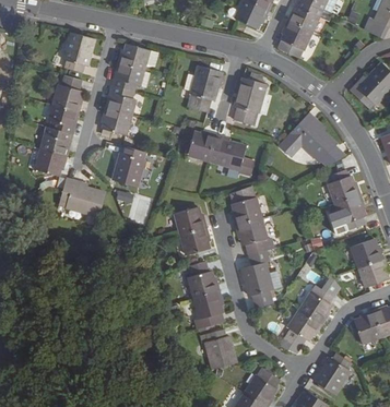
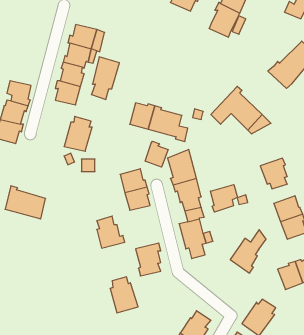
building: [62,33,94,73] -> none
building: [188,65,220,113] -> [91,57,119,99]
building: [51,74,82,113] -> none
building: [233,77,264,125] -> none
building: [328,169,359,203] -> none
building: none -> [145,141,168,167]
building: [59,180,105,217] -> [5,186,46,219]
building: none -> [210,185,238,212]
building: [188,261,220,297] -> [97,216,125,248]
building: [286,309,322,346] -> none
building: [203,328,235,369] -> [110,277,138,313]

